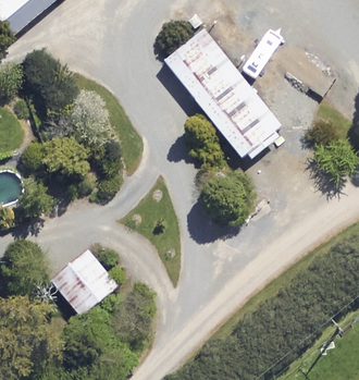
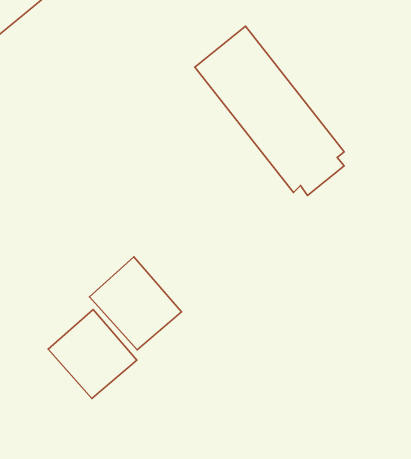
building: none -> [89,257,182,350]

